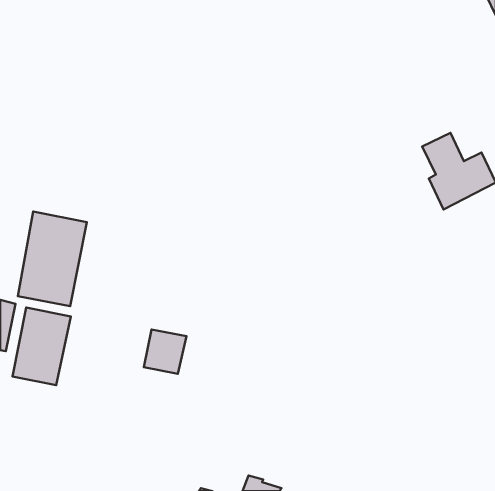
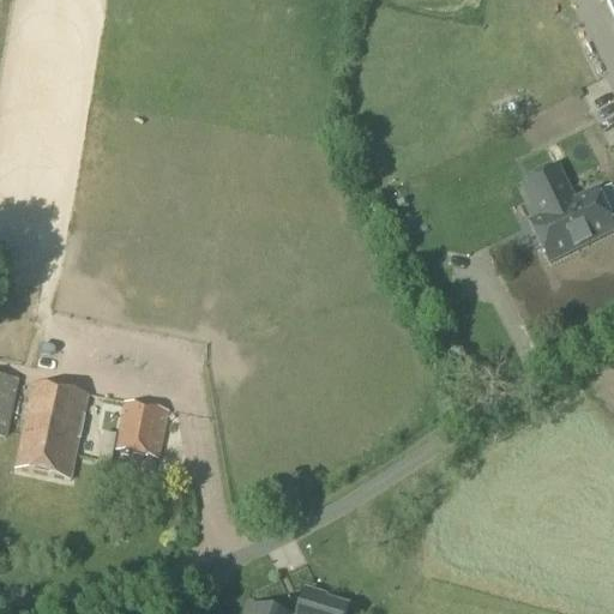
building: [18,211,87,306] -> none
building: [144,329,187,374] -> [116,399,169,455]

